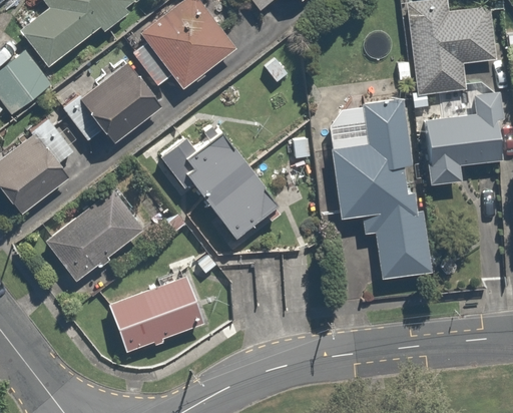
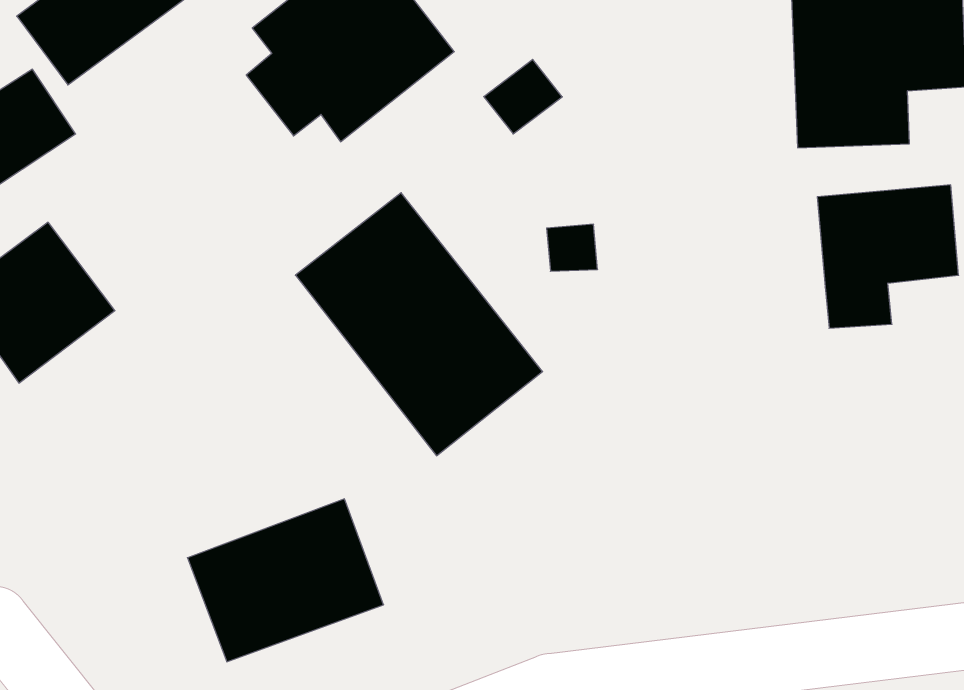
building: [75,63,162,147] -> none
building: [333,97,430,288] -> none
building: [47,186,147,283] -> none

